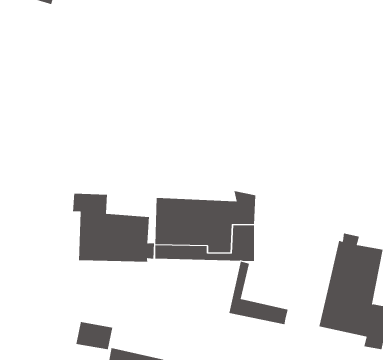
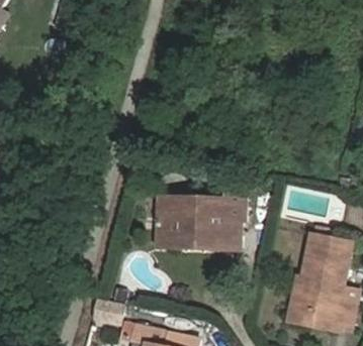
building: [73,193,155,263] -> none
building: [228,261,289,325] -> [285,272,337,327]

